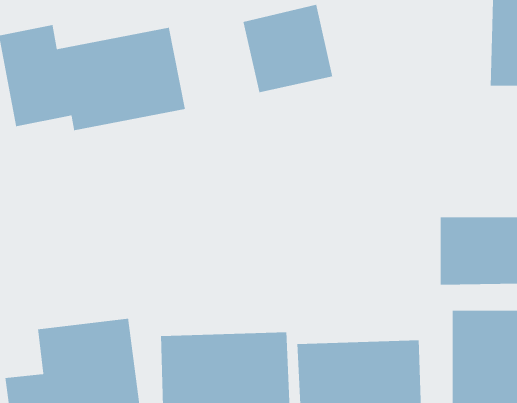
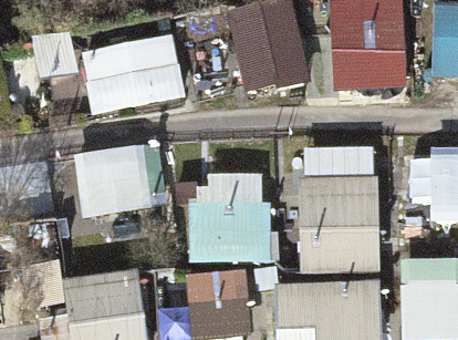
building: none -> [311,13,403,85]
building: none -> [74,144,167,212]
building: none -> [299,174,377,272]
building: none -> [189,177,269,258]

